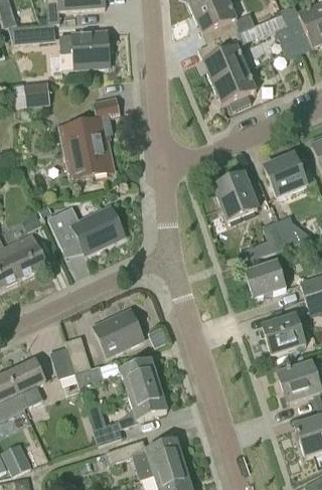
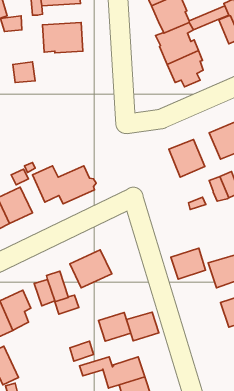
building: [59,96,120,178] -> none
building: [244,261,286,299] -> [171,248,205,279]
building: [120,360,159,395] -> [127,312,159,341]

